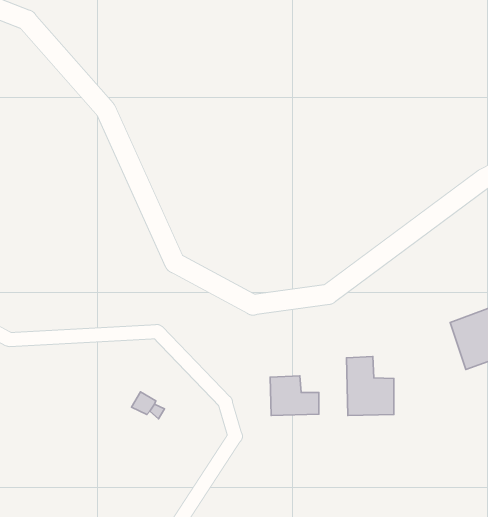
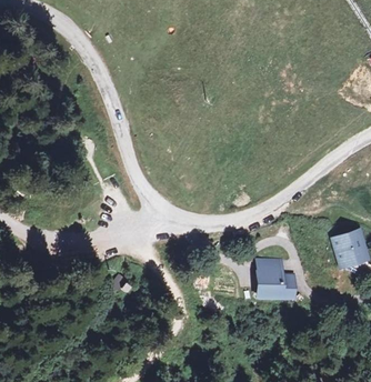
building: [270,376,319,415] -> none

